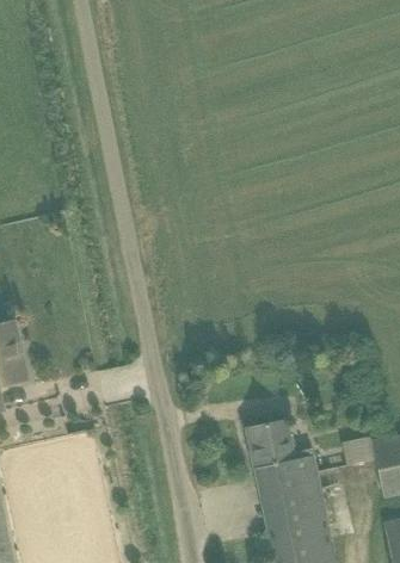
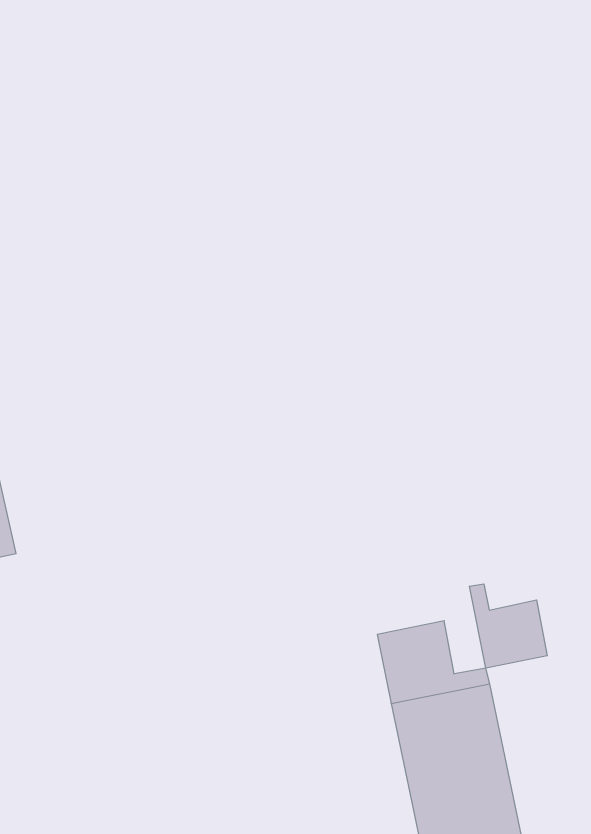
building: none -> [469,584,547,668]

